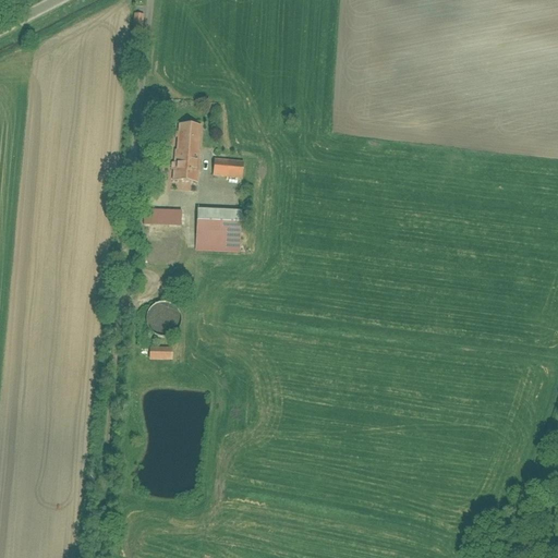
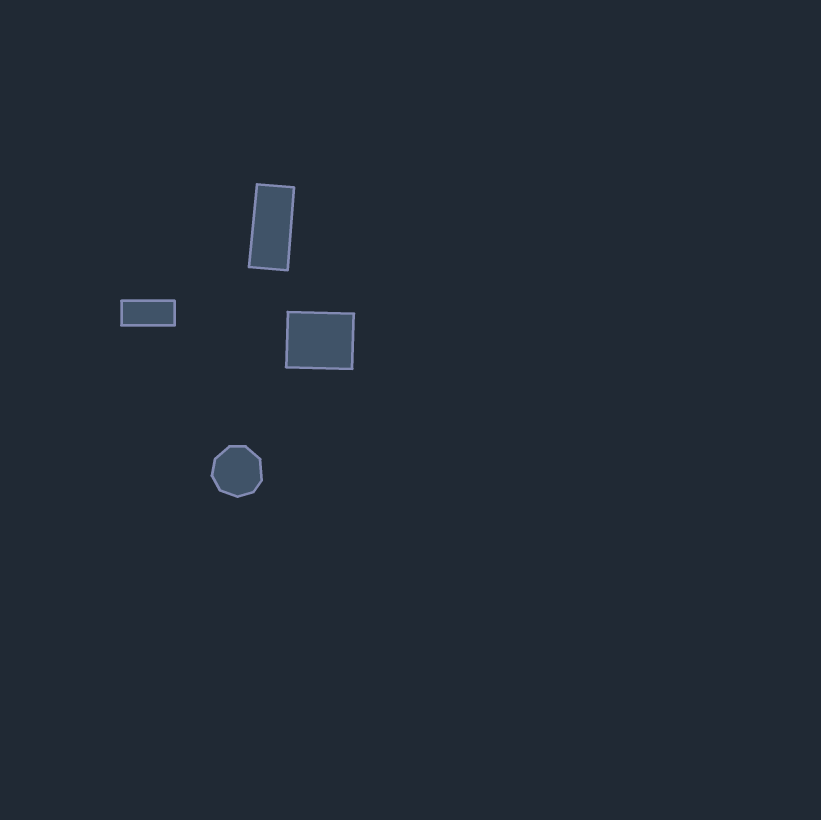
building: [213,158,244,178] -> none
building: [145,207,181,223] -> [121,301,175,325]

